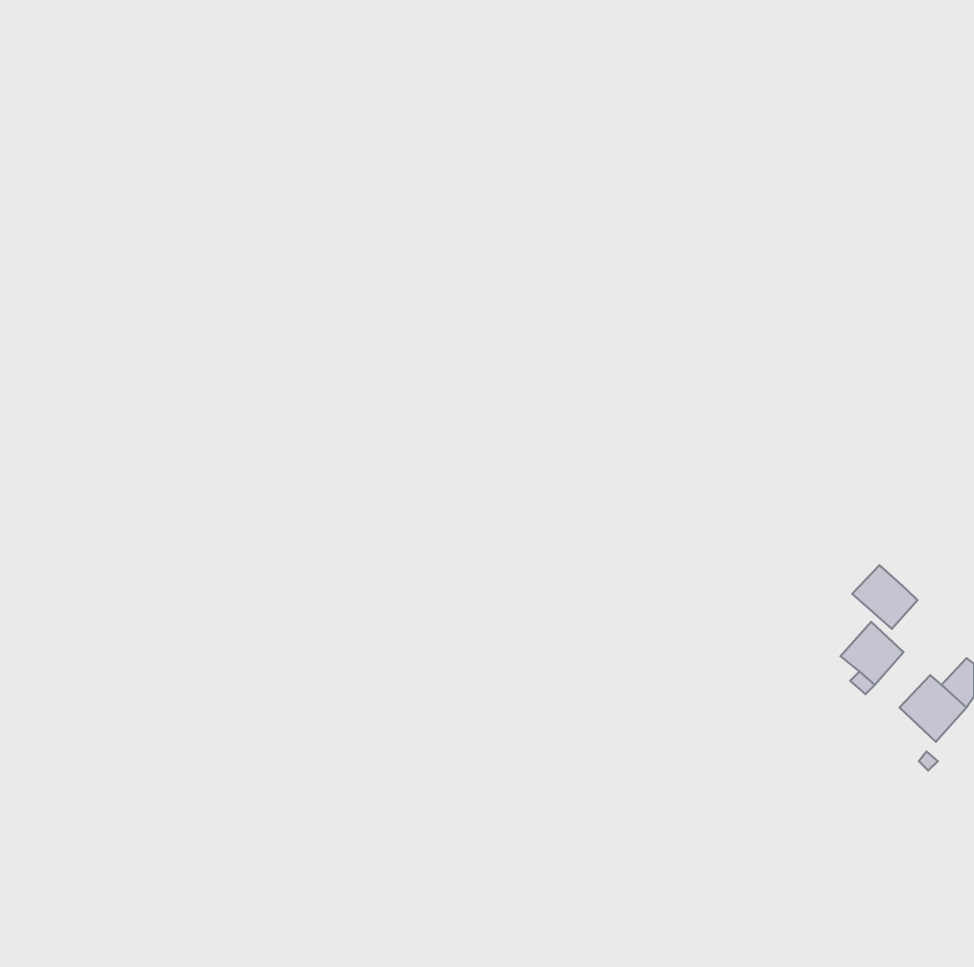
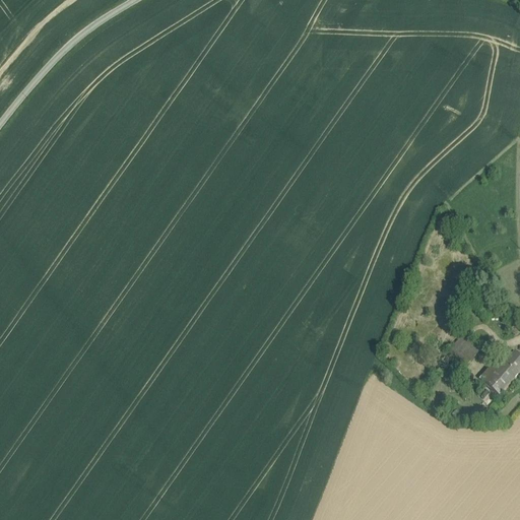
building: [852,565,917,629] -> none

